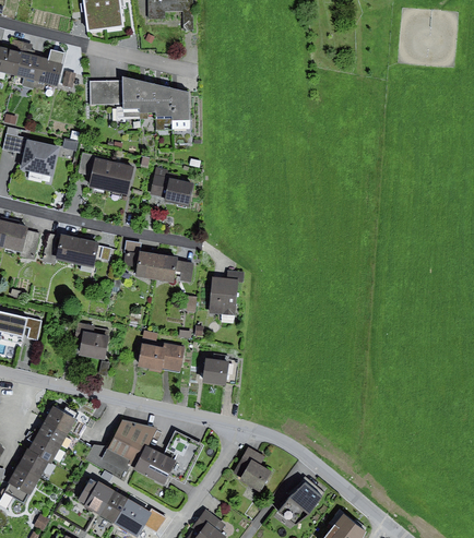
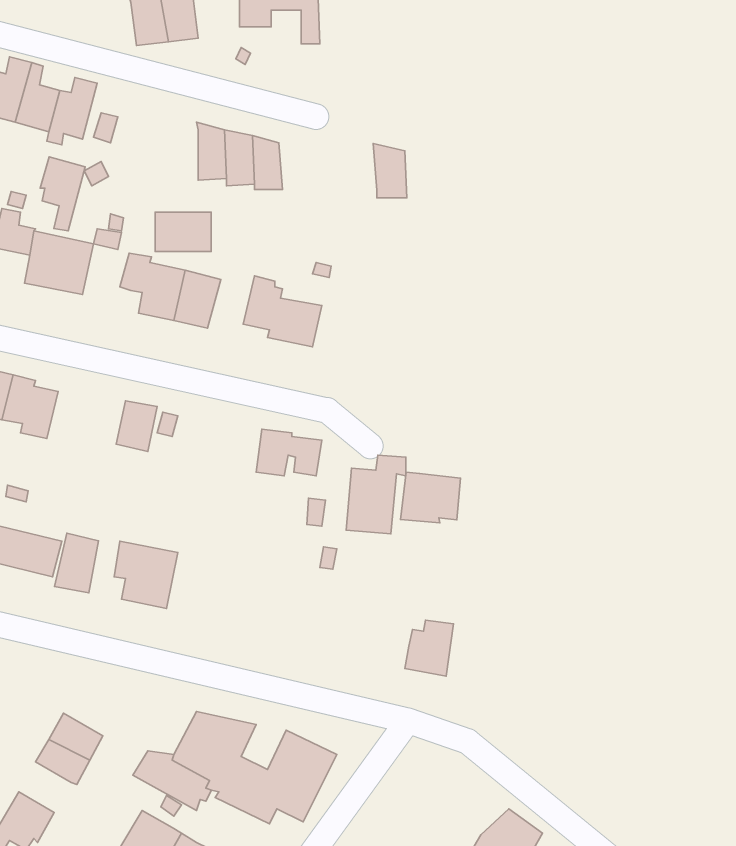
building: [90,81,122,104] -> [155,212,211,251]
building: [169,88,189,120] -> [373,143,407,198]
building: none -> [40,157,85,231]
building: [42,234,80,264] -> none
building: [123,240,159,280] -> none
building: none -> [400,472,461,523]
building: none -> [54,533,99,593]
building: [137,344,185,372] -> none
building: [201,354,229,386] -> [405,620,454,676]
building: [44,407,75,434] -> none
building: [233,446,272,493] -> none
building: [17,450,48,479] -> none

